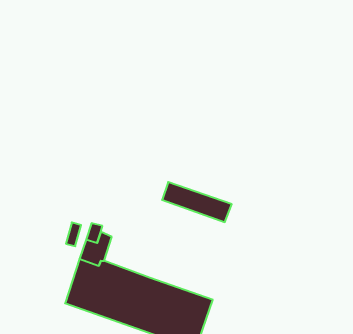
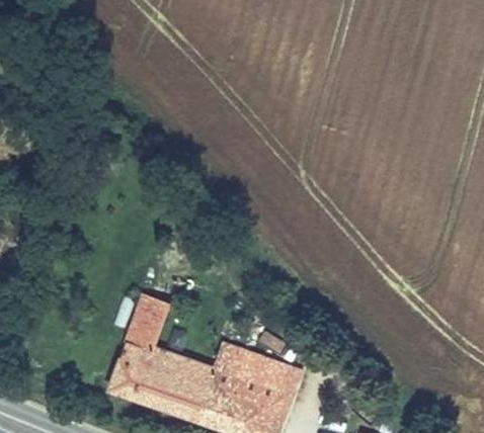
building: [162,182,232,222] -> [214,341,297,388]

